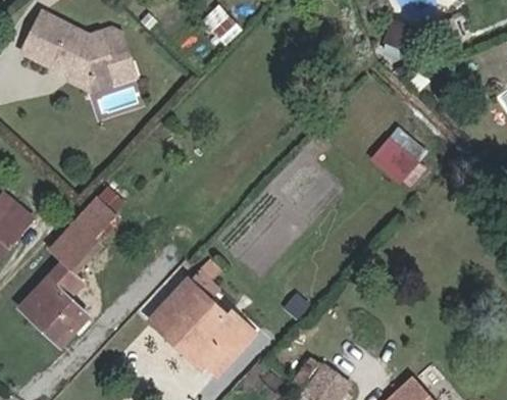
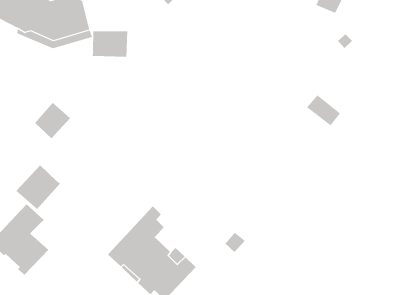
building: none -> [92,30,128,58]
building: [77,196,117,238] -> [34,102,71,139]

